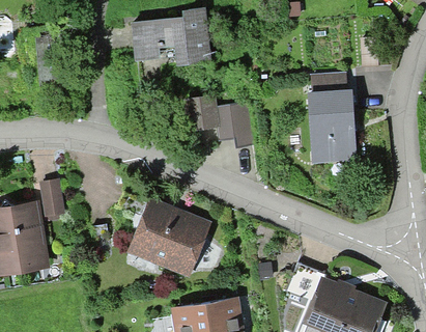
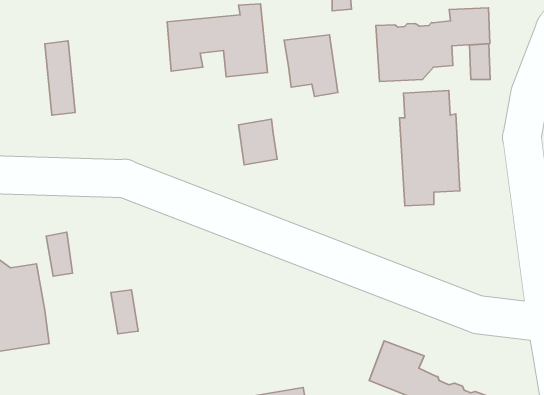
building: none -> [376,8,490,81]
building: [212,102,253,148] -> [284,35,338,97]
building: [117,192,204,271] -> none

